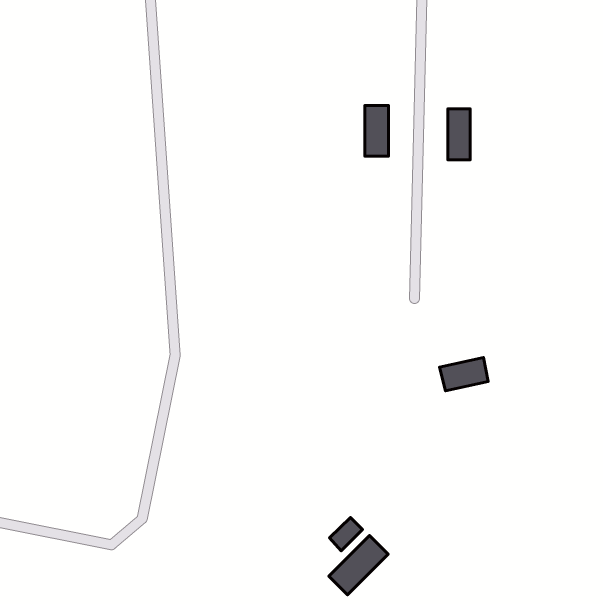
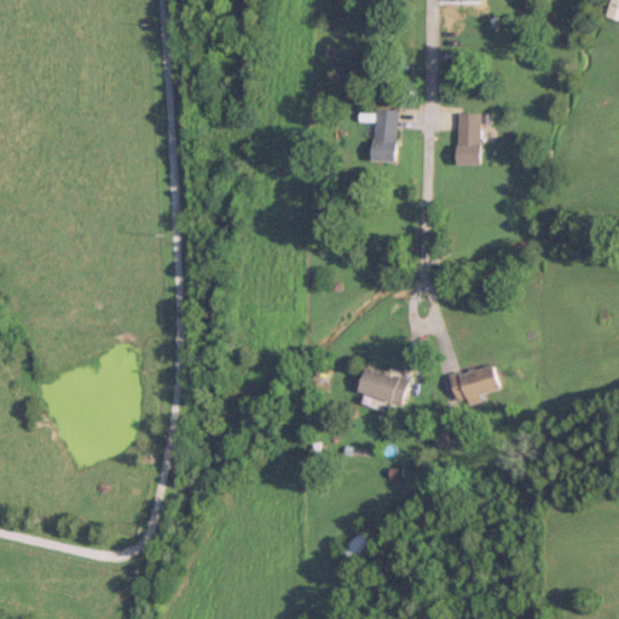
building: none -> [359,369,409,405]
building: [329,536,388,595] -> none

